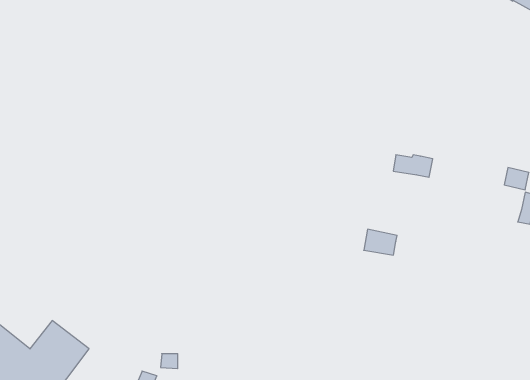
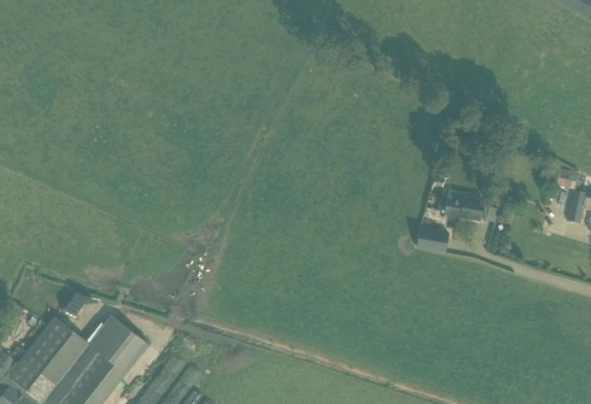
building: [393,155,433,177] -> [446,198,485,219]

